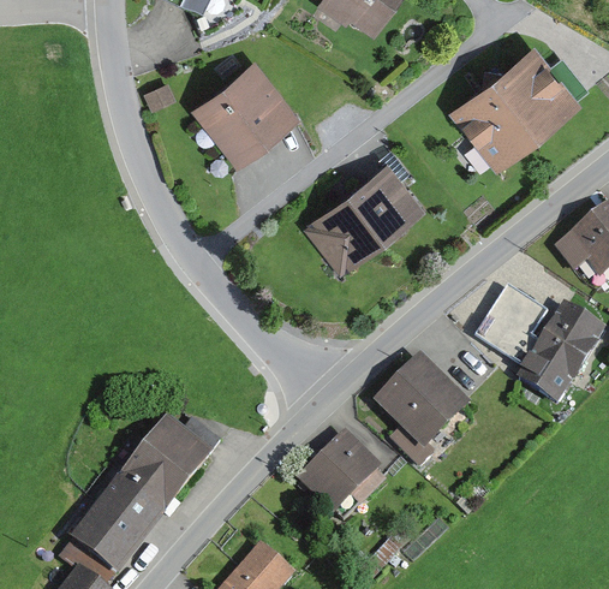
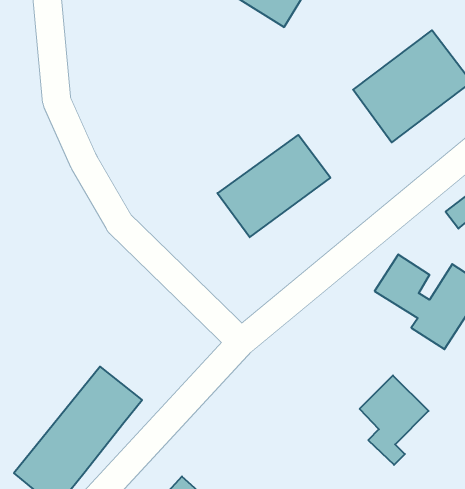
building: [193,59,304,167] -> none
building: [380,363,456,463] -> [360,375,429,465]
building: [298,433,382,516] -> none

